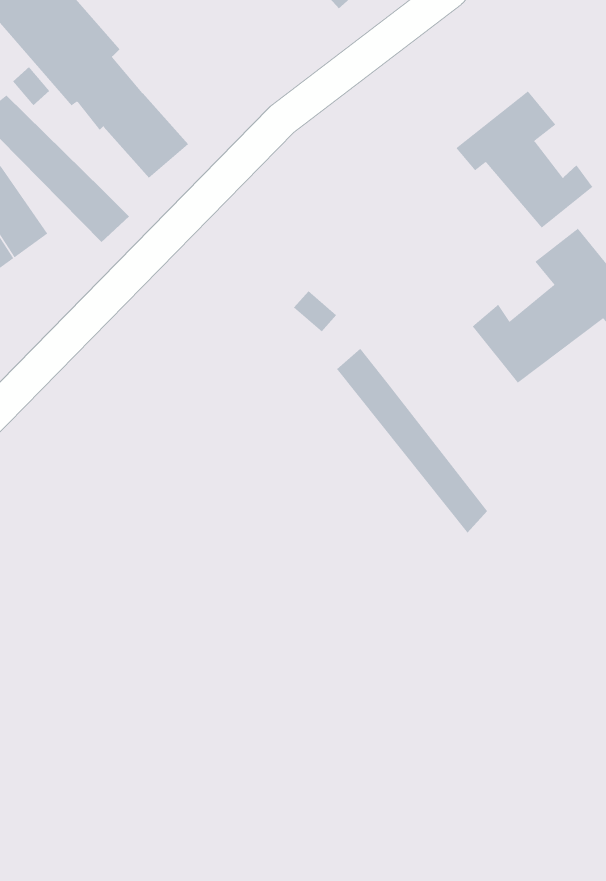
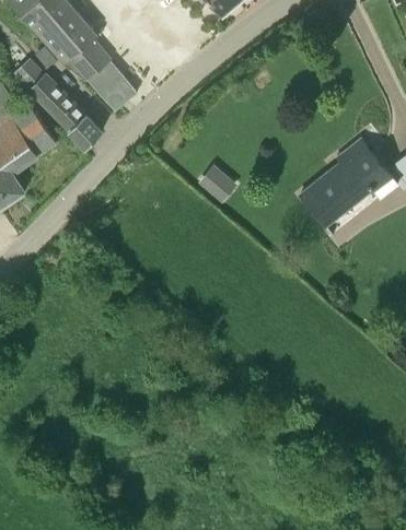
building: [455,90,593,228] -> none
building: [336,348,488,533] -> none

